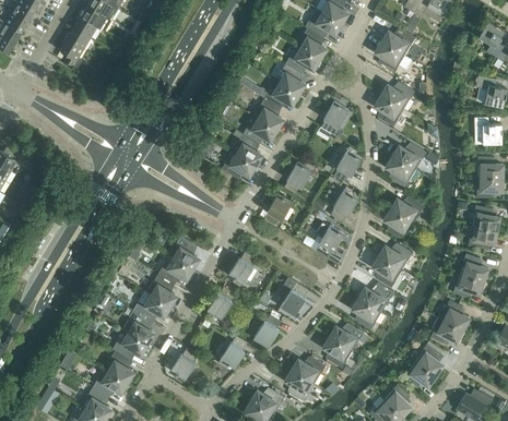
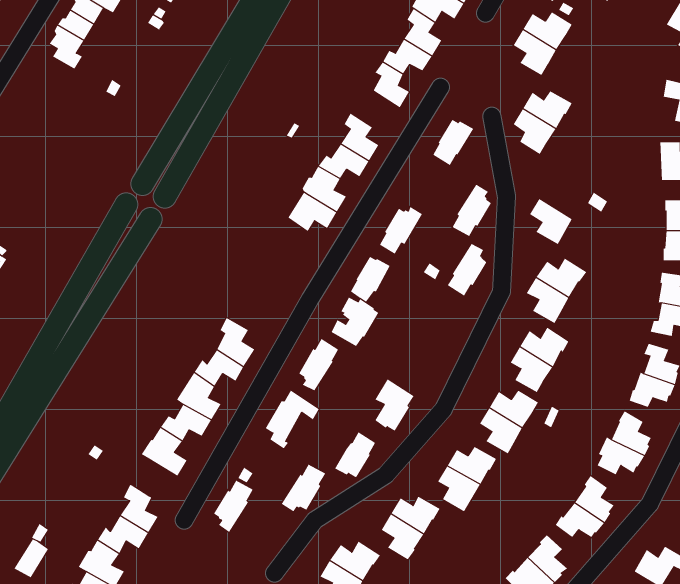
building: [264,82,298,107] -> none
building: [392,143,426,169] -> none
building: [310,222,343,256] -> [331,297,379,347]
building: [113,332,147,357] -> none

